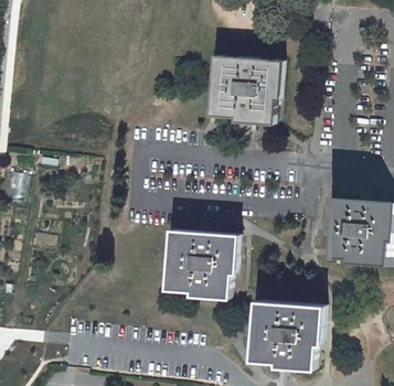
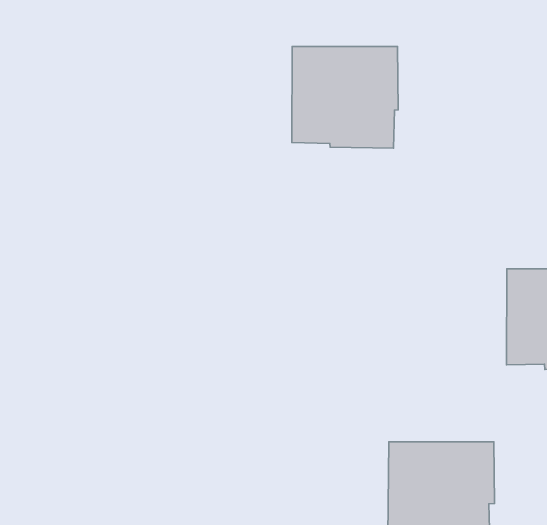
building: [168,230,236,296] -> none

